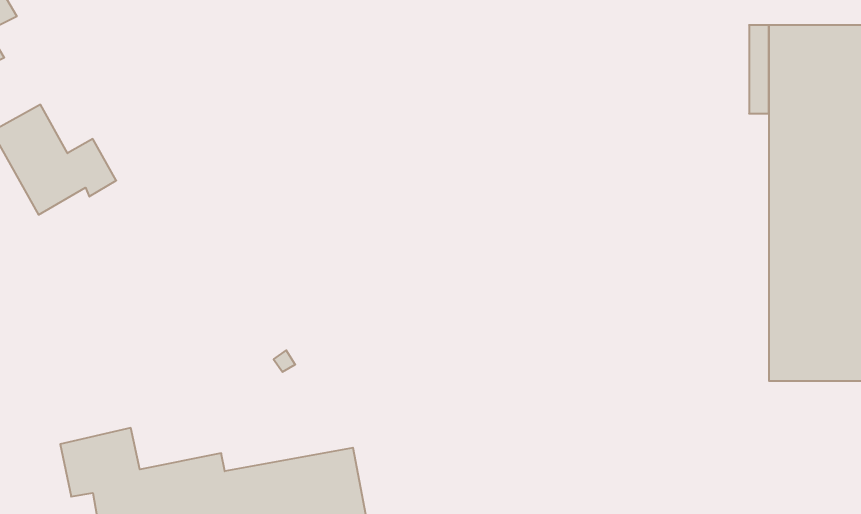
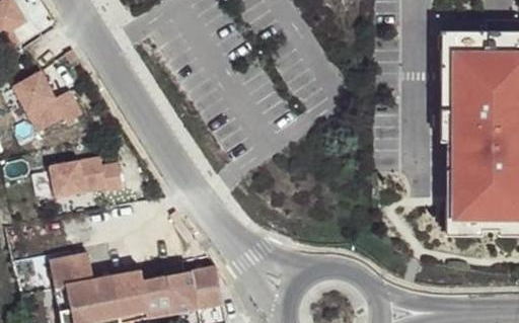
building: none -> [51,158,125,199]

